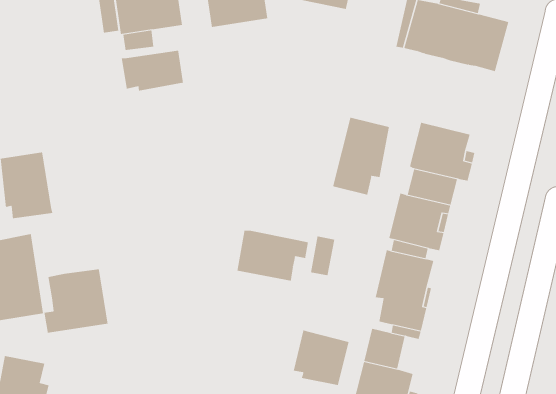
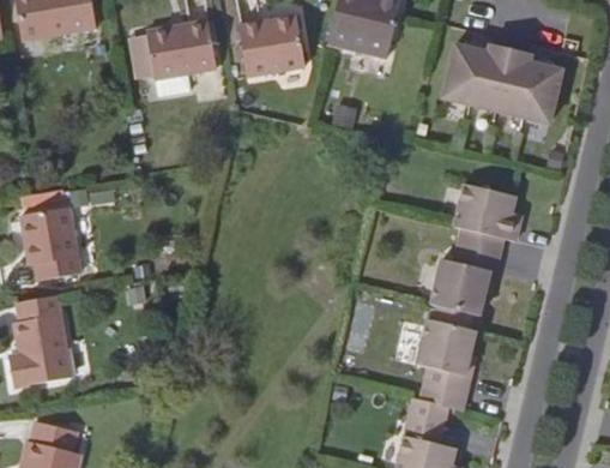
building: [121,50,184,91] -> none
building: [333,117,389,196] -> none
building: [237,230,309,281] -> none
building: [44,268,108,334] -> none
building: [293,329,349,386] -> none

